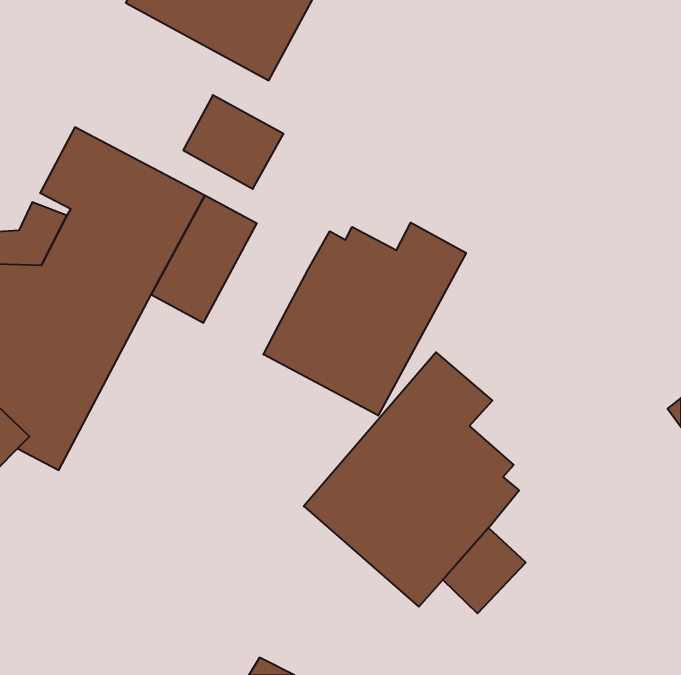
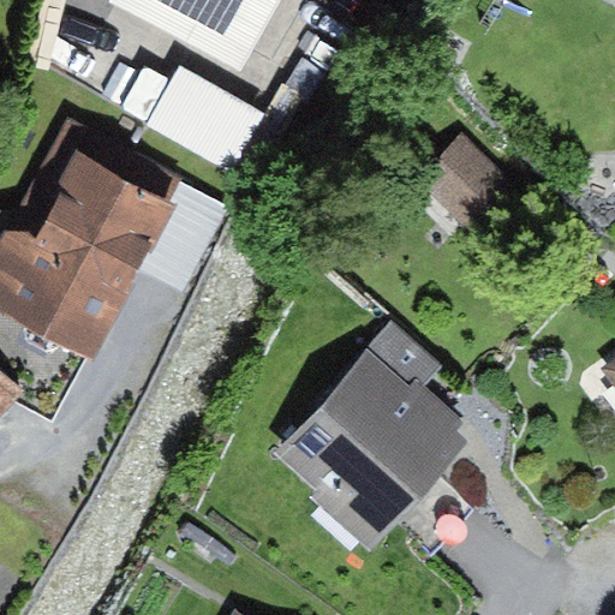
building: none -> [418,135,520,235]
building: [263,223,466,416] -> none

